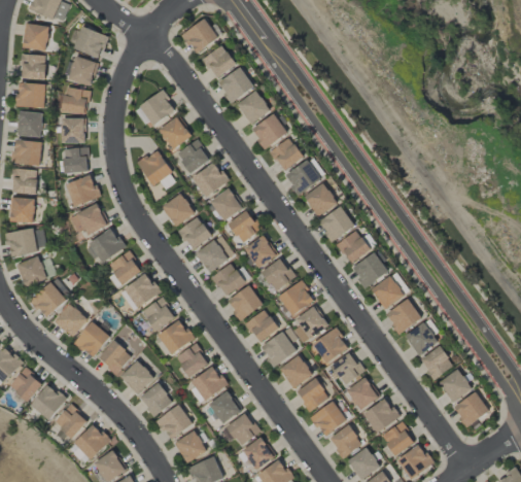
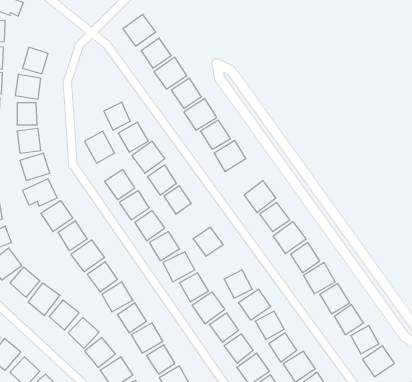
building: [74,27,109,59] -> none
building: [140,90,177,127] -> none
building: [305,183,338,217] -> none
building: [244,236,277,269] -> none
building: [279,281,315,316] -> none

